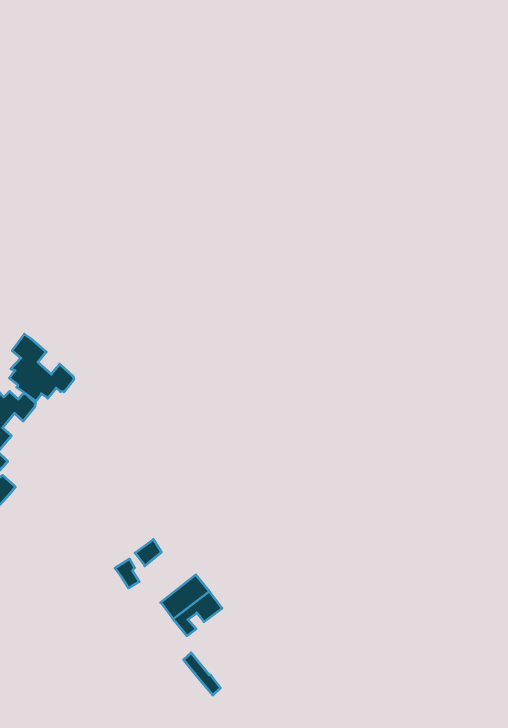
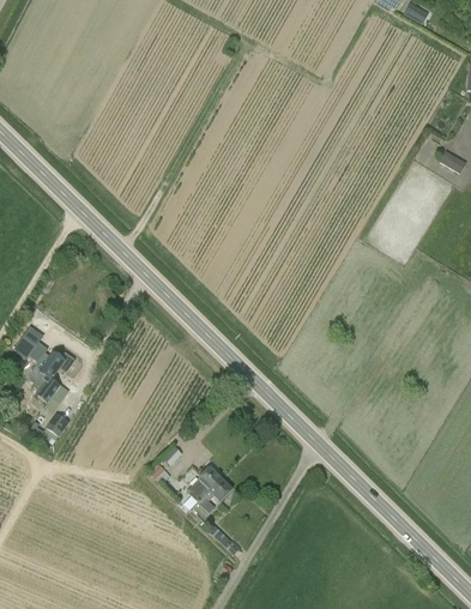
building: [9,334,74,401] -> none

